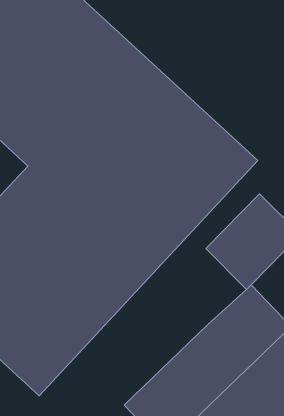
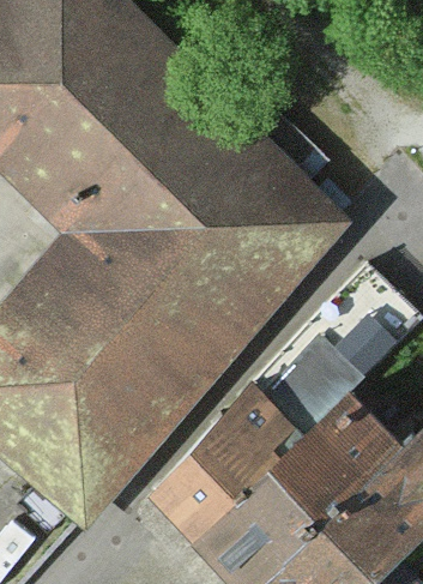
building: none -> [144,392,294,540]

